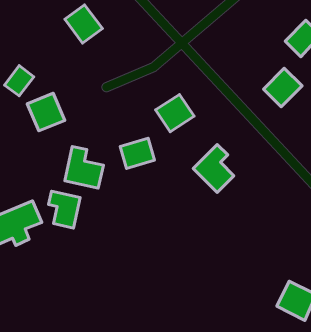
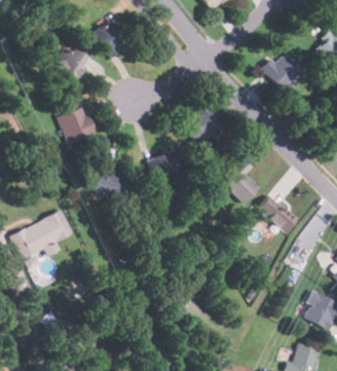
building: [5,65,34,96] -> [60,47,88,77]
building: [263,68,302,107] -> [264,50,302,88]
building: none -> [258,195,296,231]
building: [49,191,80,228] -> none

